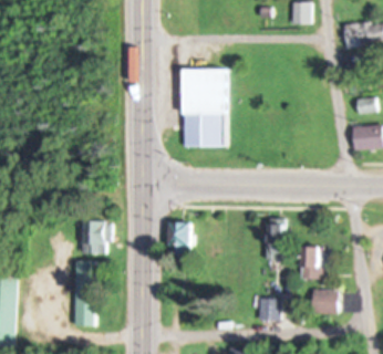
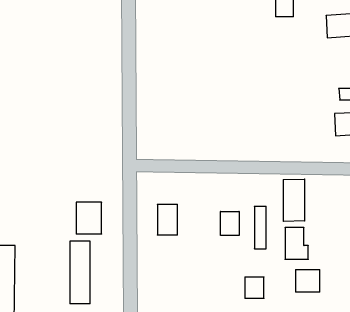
building: [182,69,225,146] -> none
building: none -> [283,179,305,221]
building: none -> [221,211,239,235]

